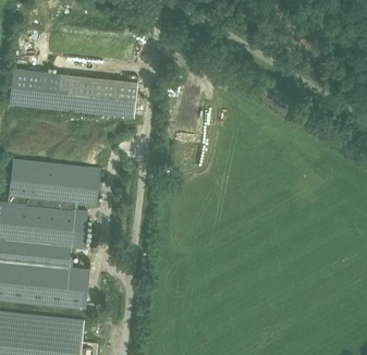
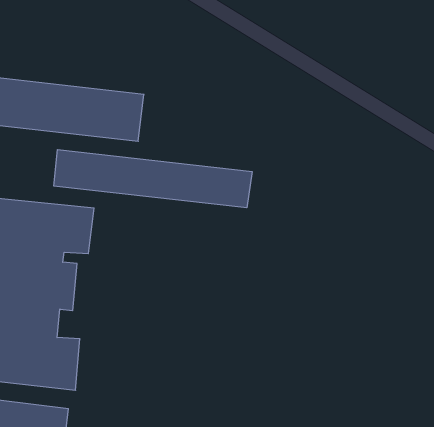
building: none -> [54,150,252,208]

